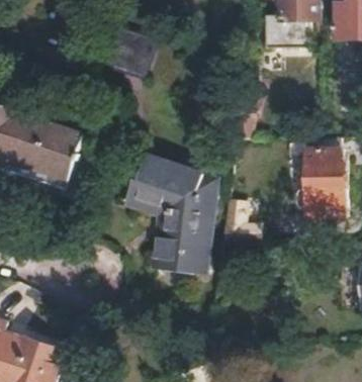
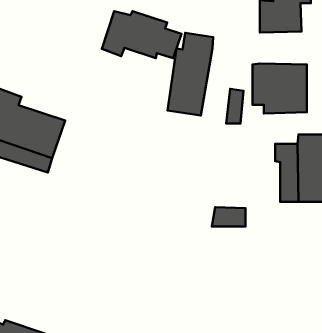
building: none -> [168,33,213,116]
building: none -> [252,63,307,113]
building: [128,154,214,274] -> none

